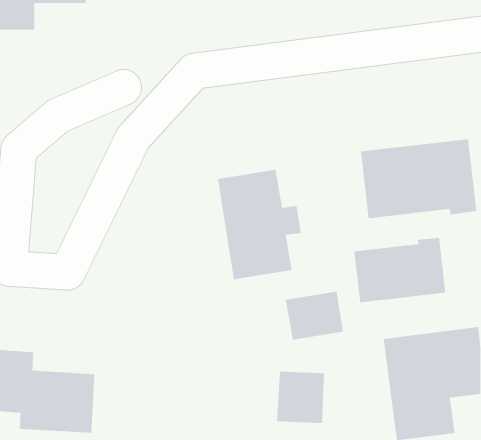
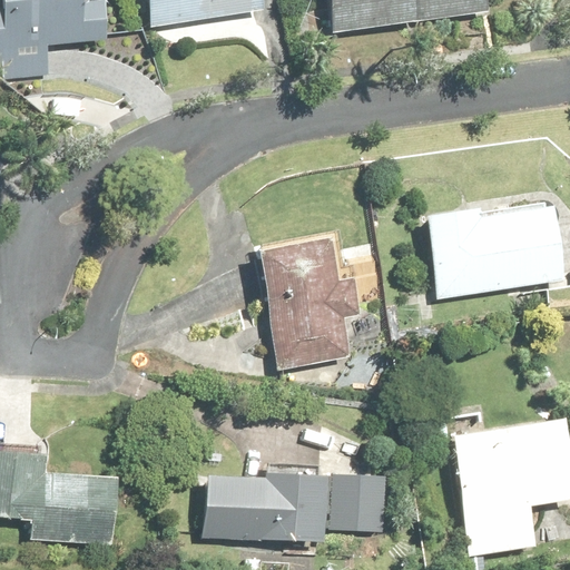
building: [354,237,446,303] -> none
building: [285,291,343,340] -> none
building: none -> [204,461,331,541]

